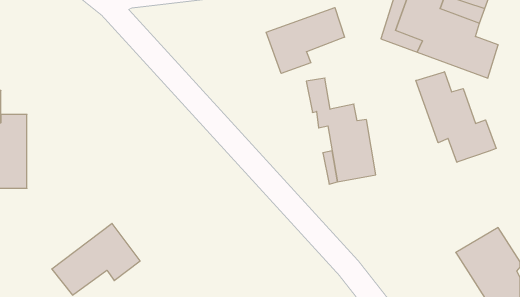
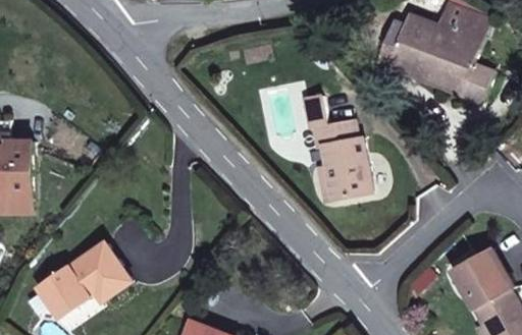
building: [266,8,345,73] -> none
building: [416,72,496,162] -> none

